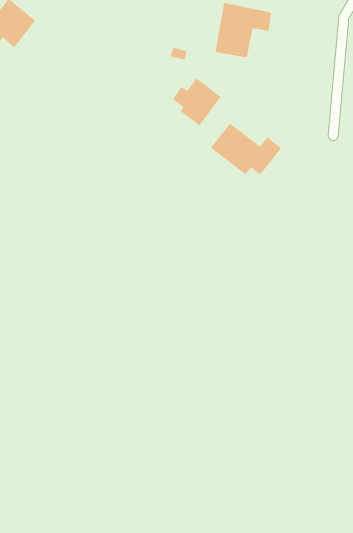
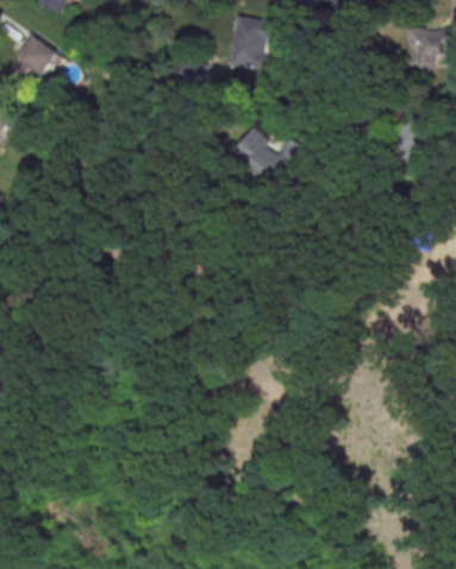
building: [172,77,221,126] -> none

